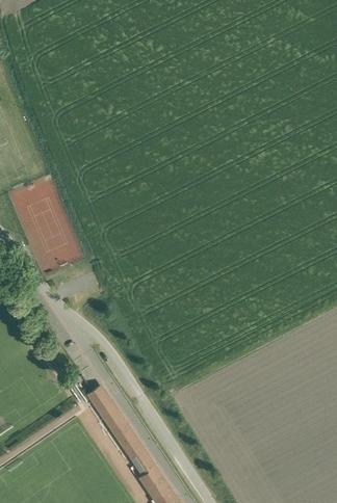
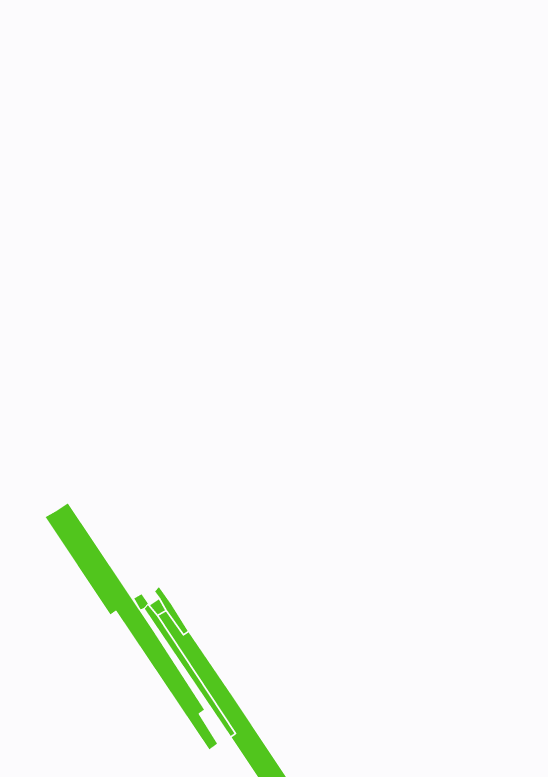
building: none -> [44,501,218,750]

